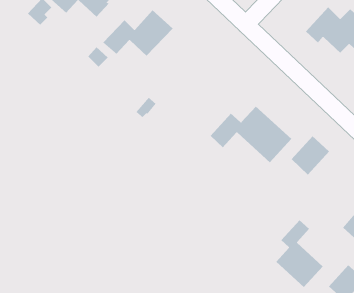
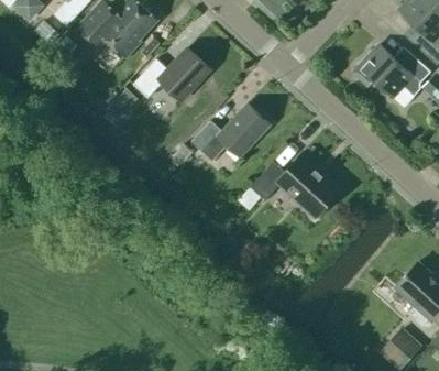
building: none -> [190,103,270,162]
building: [291,135,330,176] -> none
building: [275,220,324,288] -> none

